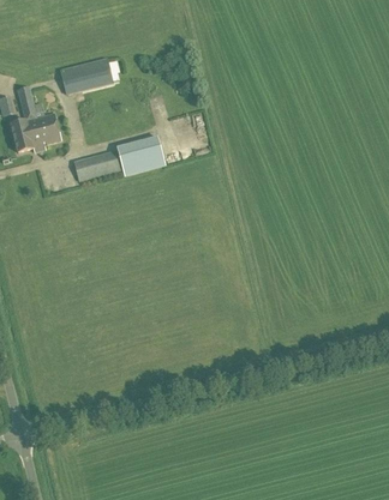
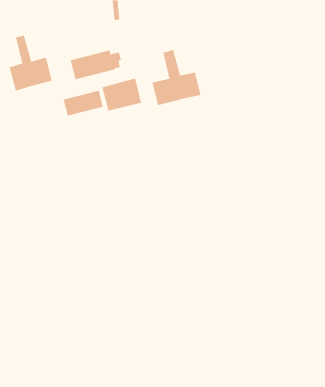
building: [60,58,120,92] -> [70,50,122,80]
building: none -> [152,49,201,106]

